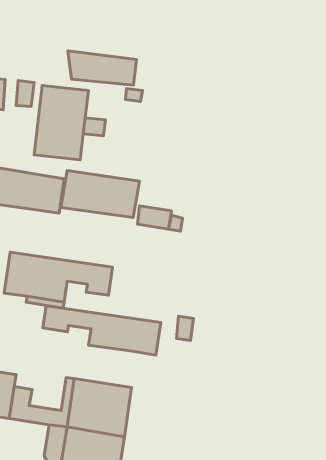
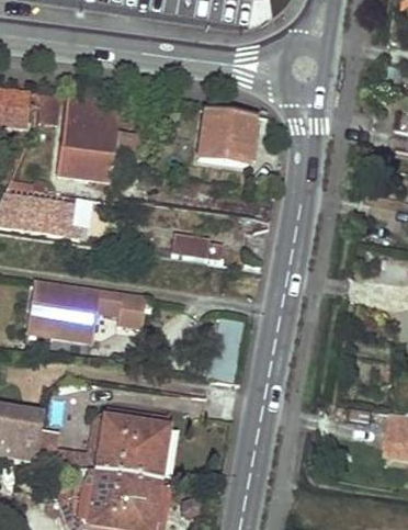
building: [68,51,137,85] -> none
building: none -> [197,109,252,163]
building: [61,170,139,218] -> none
building: [43,306,161,355] -> none

